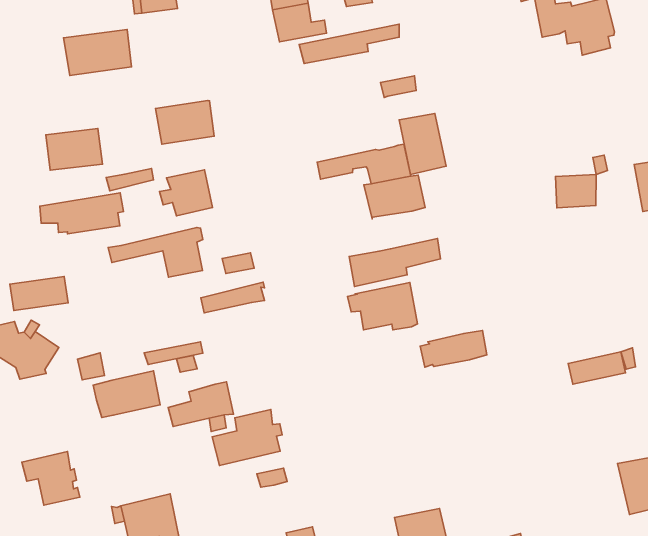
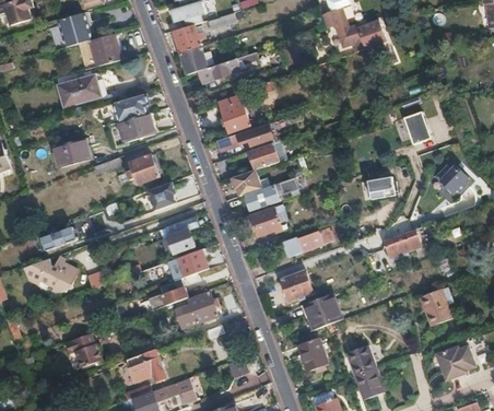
building: [399,113,446,174] -> [217,95,249,133]
building: [556,174,596,208] -> [368,176,395,199]
building: [40,193,123,234] -> [98,92,149,120]
building: none -> [231,168,261,196]
building: none -> [162,228,195,253]
building: [93,371,160,417] -> [166,248,208,280]
building: none -> [280,269,313,300]
building: none -> [302,293,341,329]

